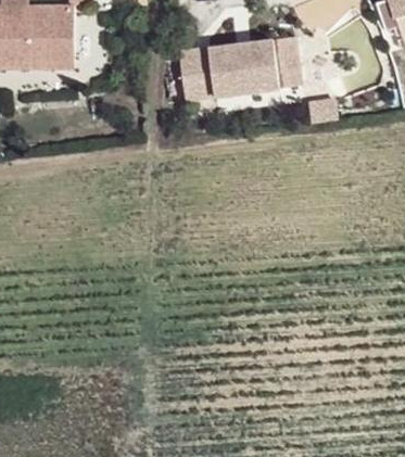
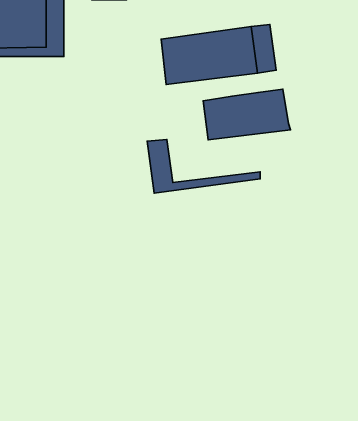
building: none -> [203,89,291,140]
building: none -> [147,139,260,193]

